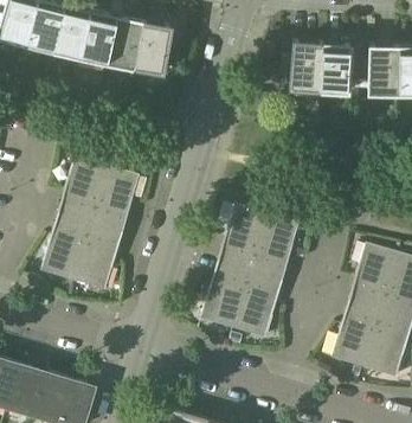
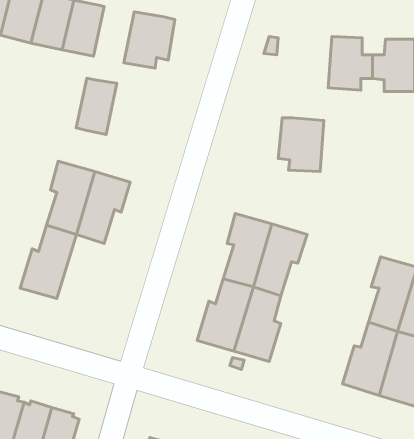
building: [105,17,142,68] -> [76,78,117,134]
building: [279,41,321,90] -> [278,118,324,172]
building: [72,223,115,290] -> none

